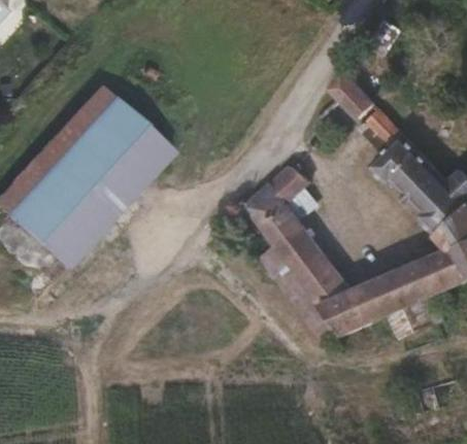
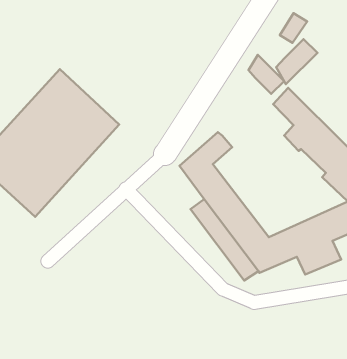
building: none -> [276,39,317,84]

